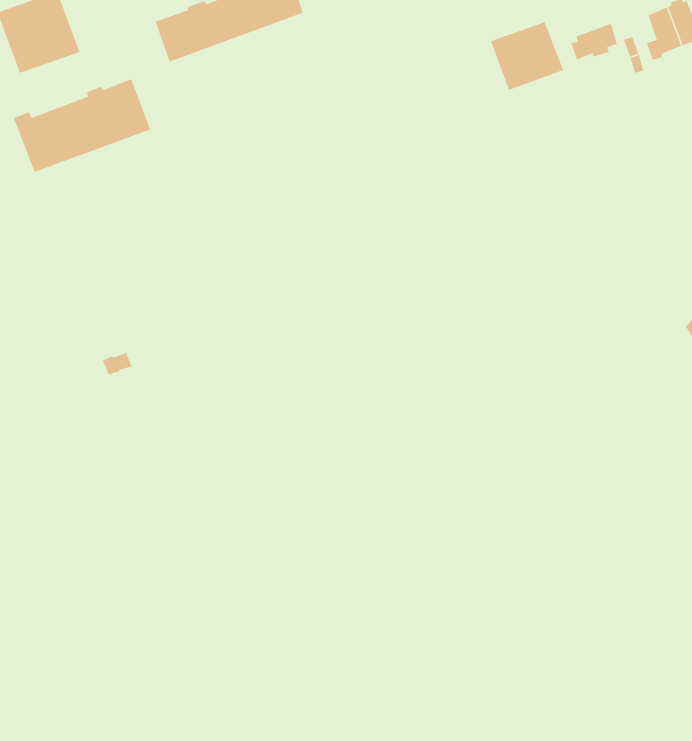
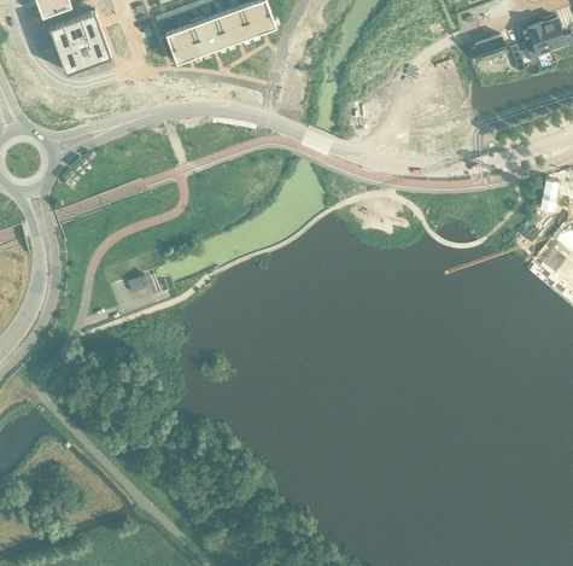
building: [491,21,564,91] -> none
building: [13,78,151,173] -> none

